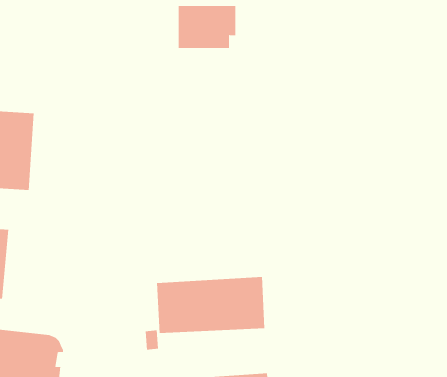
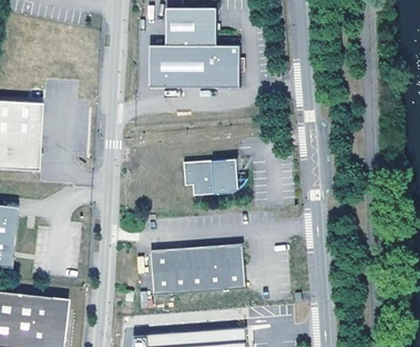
building: none -> [150,44,240,88]
building: none -> [183,161,237,196]

